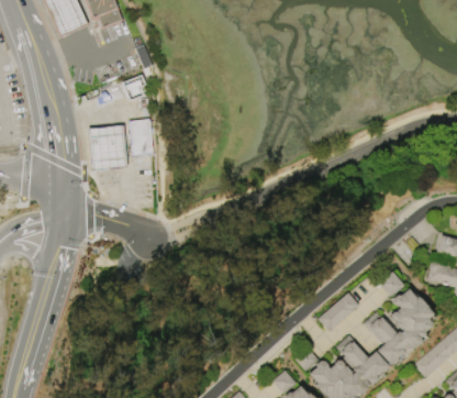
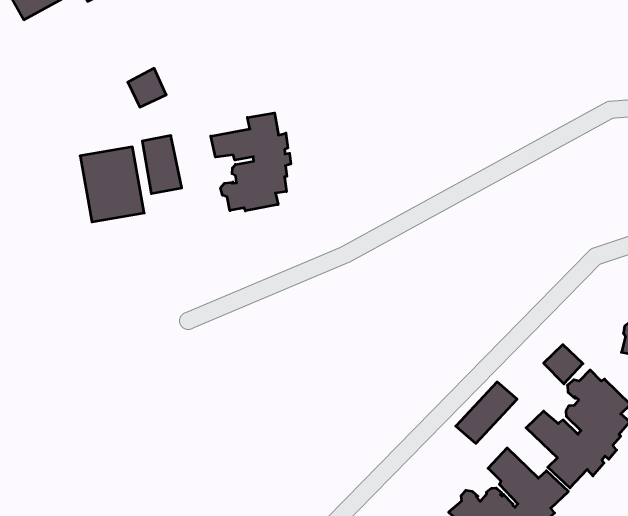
building: none -> [211,113,291,211]

